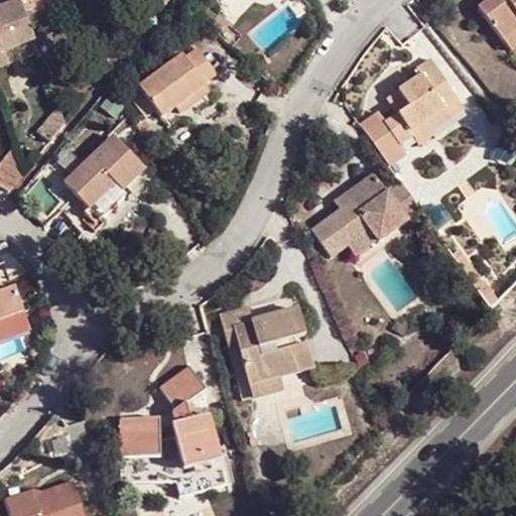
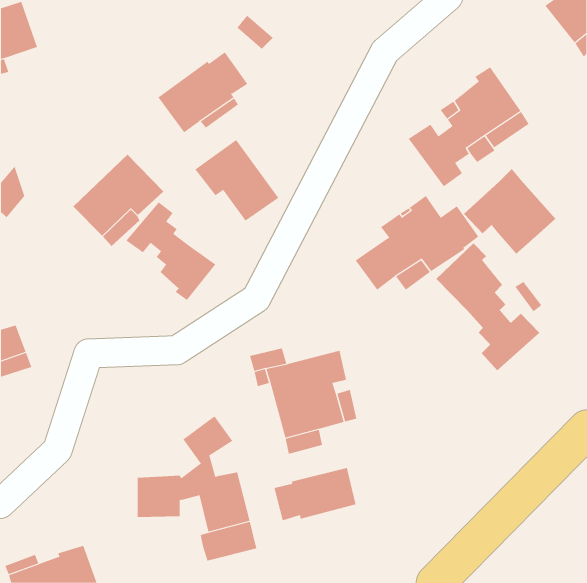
building: none -> [195,139,279,221]
building: none -> [463,168,556,254]
building: none -> [125,201,216,301]
building: none -> [436,243,540,371]
building: none -> [274,467,356,521]

